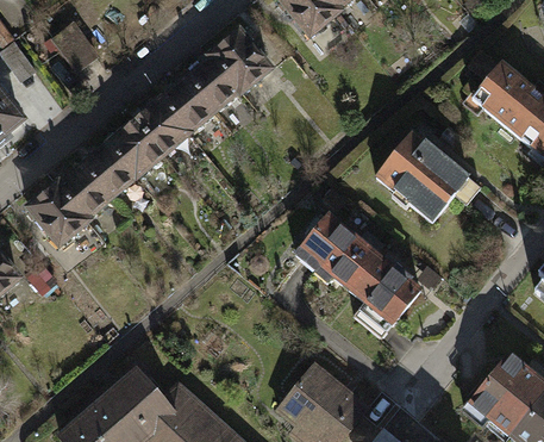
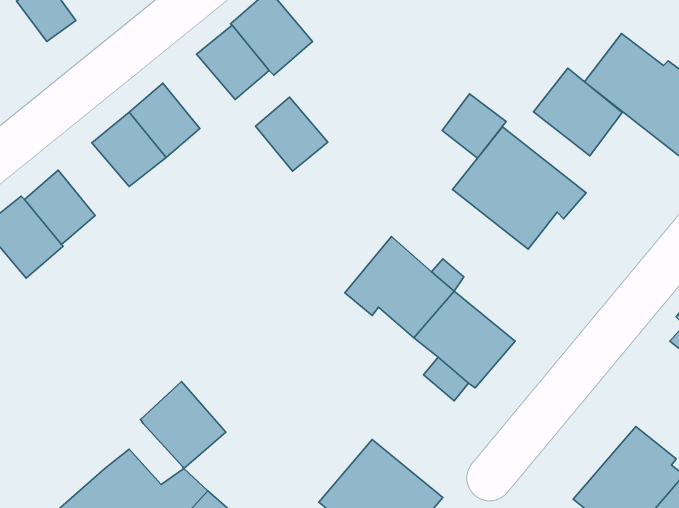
building: [161,77,214,132] -> [256,97,328,171]
building: none -> [534,68,622,156]
building: none -> [442,94,506,158]
building: [83,143,136,197] -> none
building: none -> [141,382,226,468]

